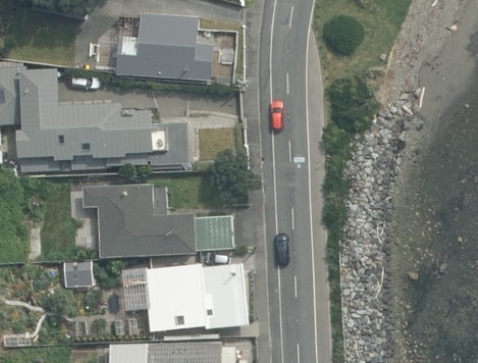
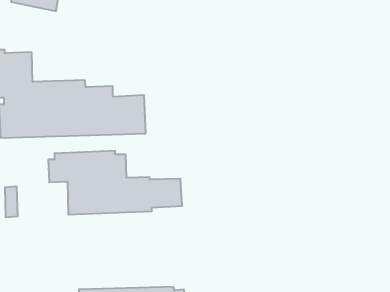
building: [115,11,213,81] -> none
building: [144,262,249,338] -> none

